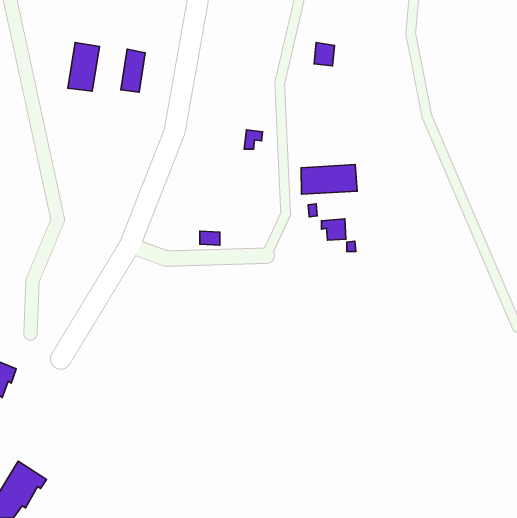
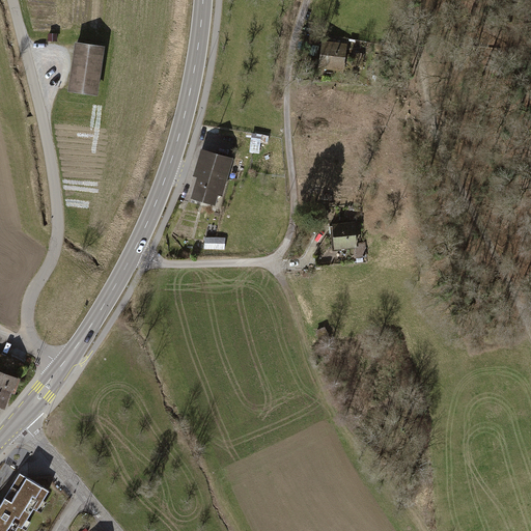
building: [121,49,145,92] -> none
building: none -> [193,153,231,203]
building: [301,165,357,194] -> none

